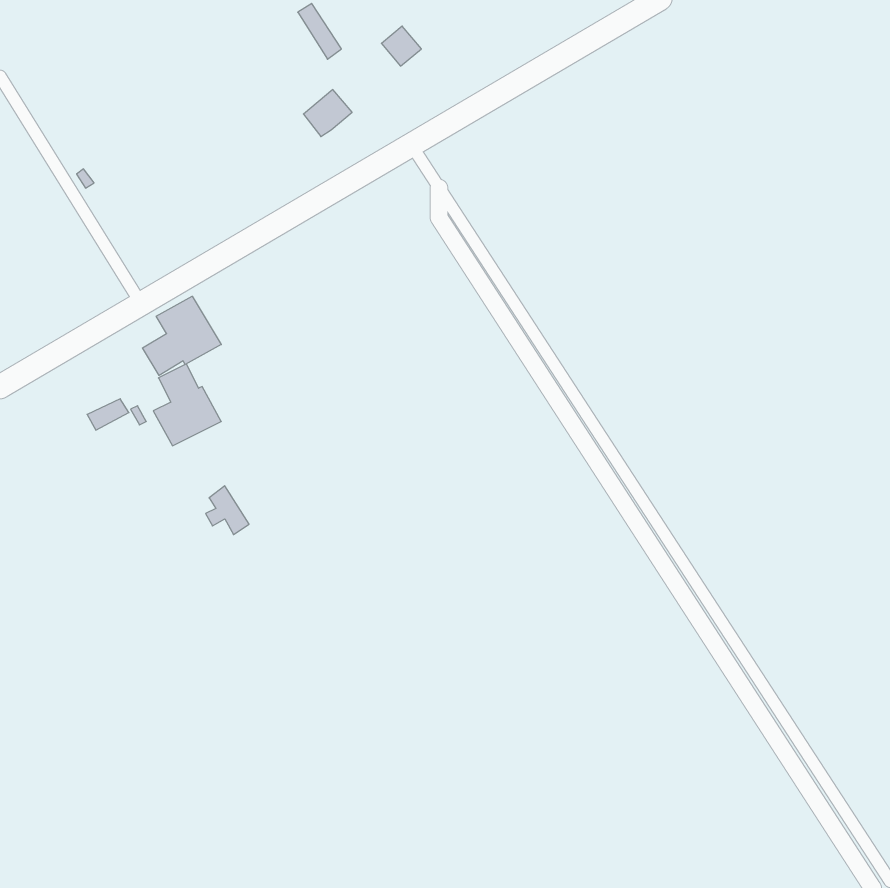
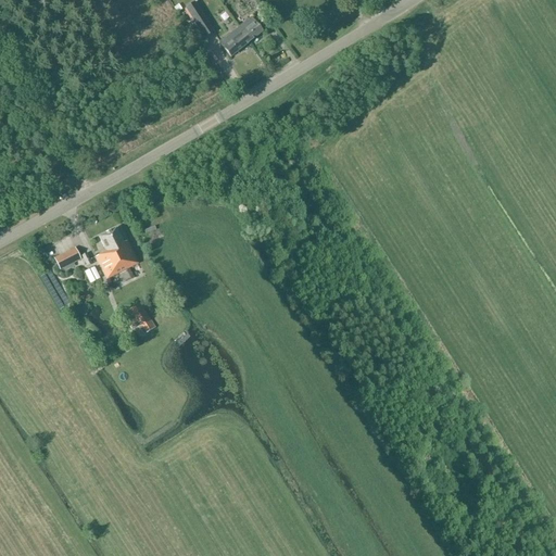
building: [303,90,352,137] -> [219,27,250,56]
building: [142,296,221,375] -> none

